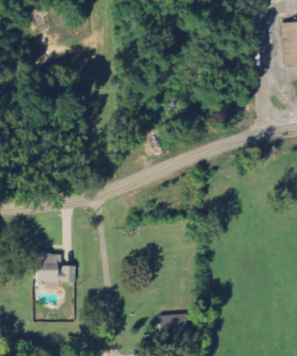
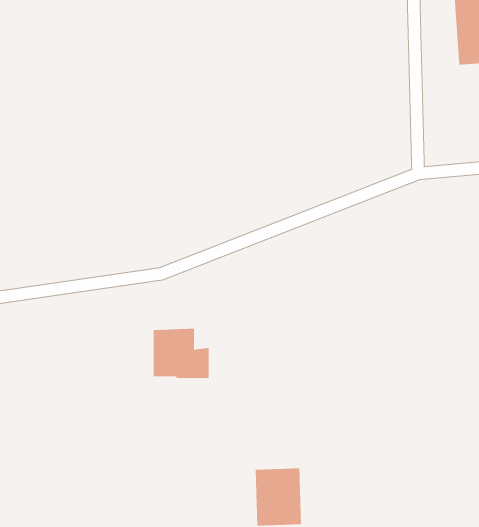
building: [35,252,70,283] -> [153,328,209,378]

